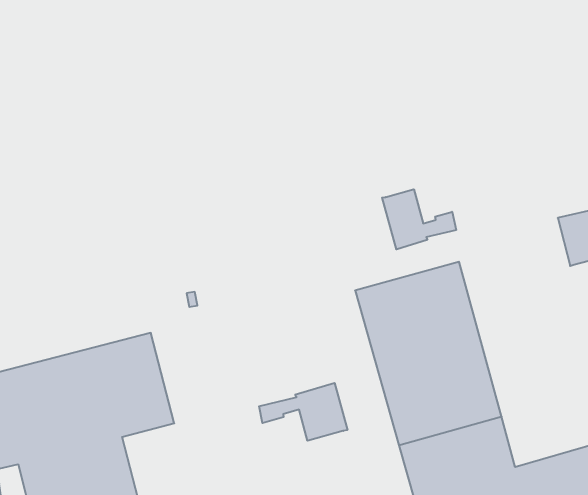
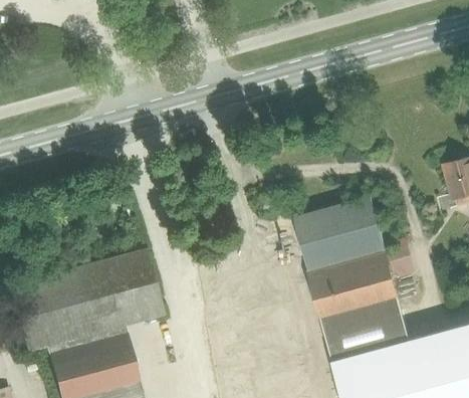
building: [382,189,456,249] -> none
building: [259,383,347,441] -> none

